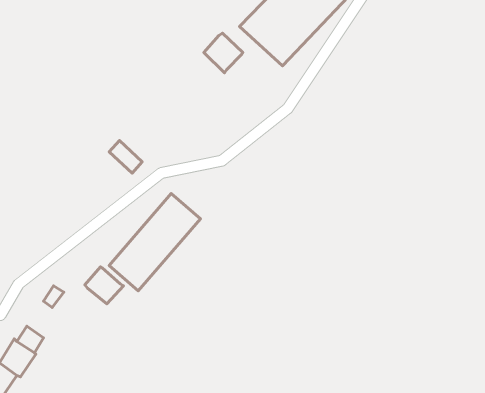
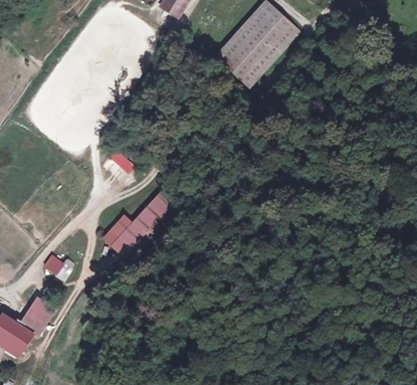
building: [204,33,243,73] -> none
building: [85,267,123,304] -> none

